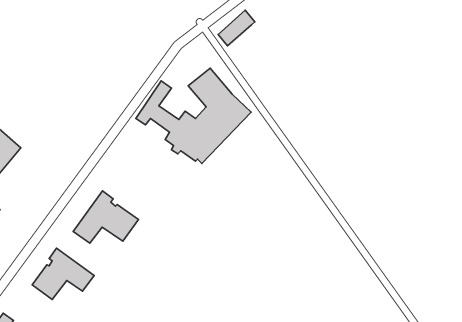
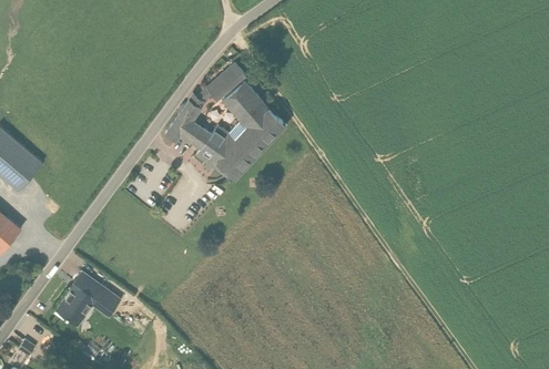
building: [218,10,255,46] -> [205,62,244,100]
building: [73,191,138,243] -> none

